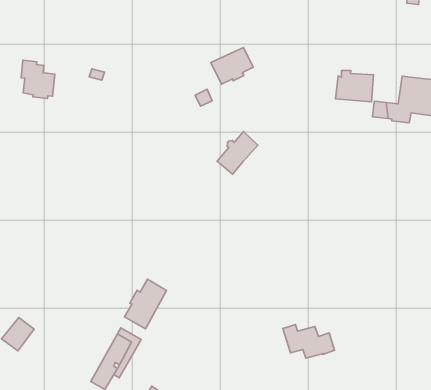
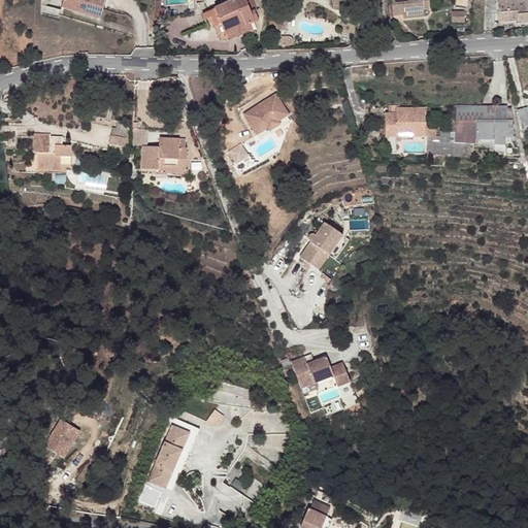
building: none -> [140,137,187,171]
building: [217,132,258,174] -> [301,220,344,268]
building: [124,279,167,329] -> none
building: [283,324,335,358] -> [293,356,353,392]

